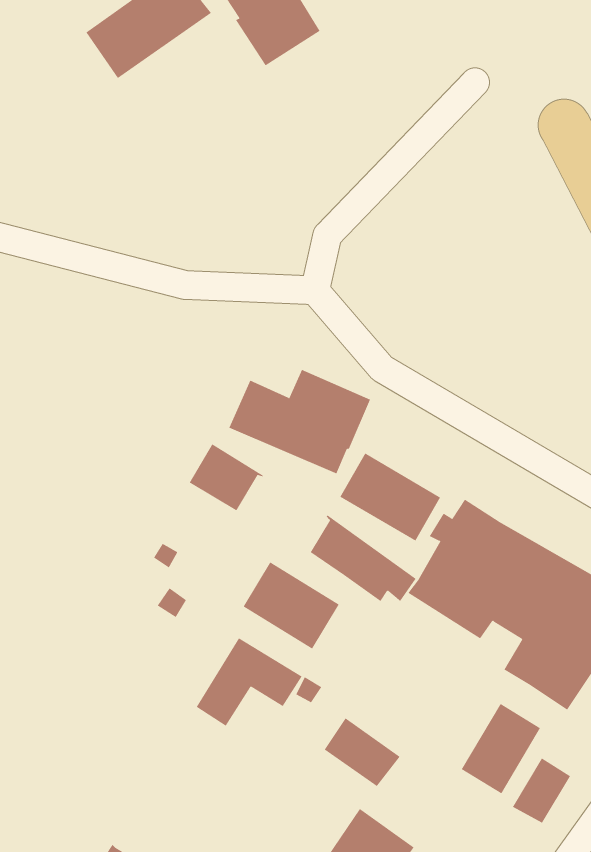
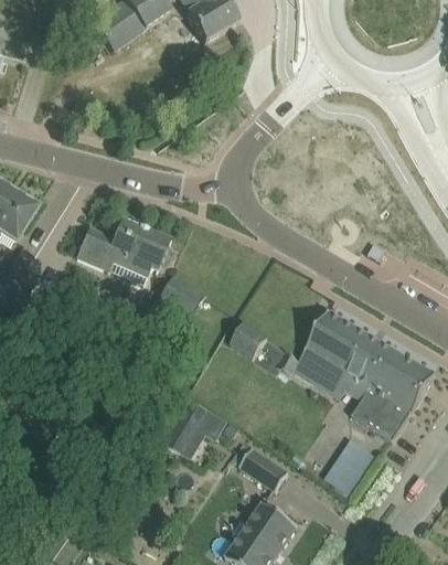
building: [228,369,371,474] -> [75,218,163,284]
building: [340,452,441,542] -> none
building: [243,562,339,649] -> none
building: [512,758,571,824] -> none

